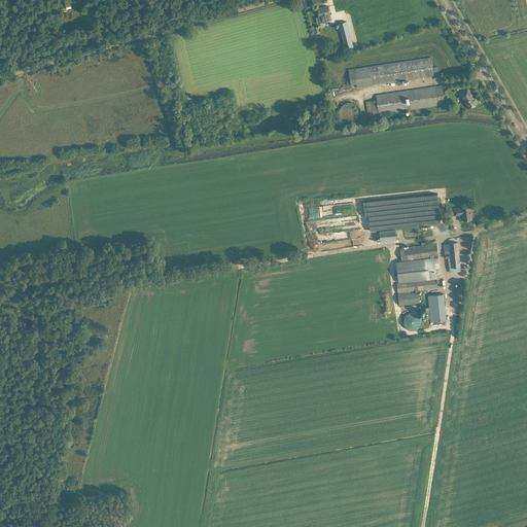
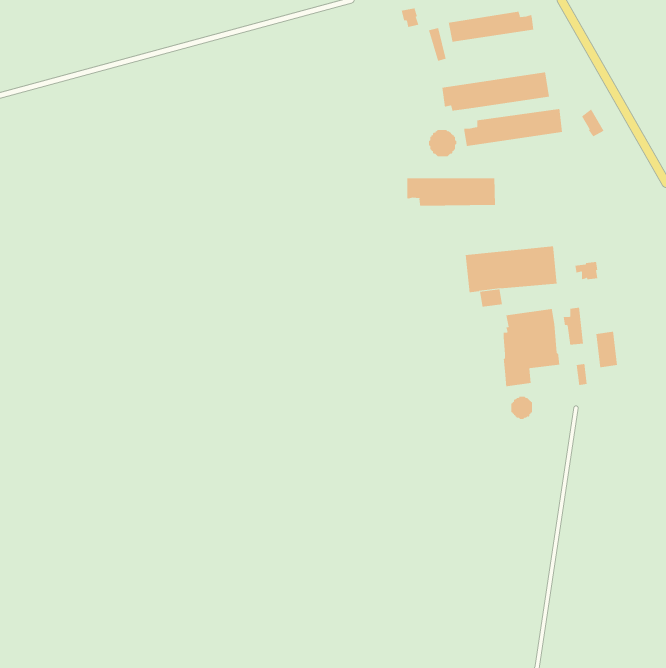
building: none -> [448,11,534,43]
building: none -> [407,178,496,206]
building: [427,293,445,322] -> [596,331,618,368]

